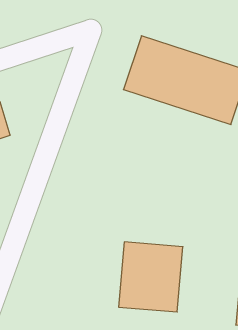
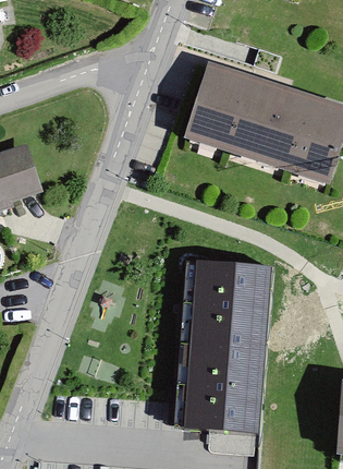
building: none -> [187,258,271,344]

